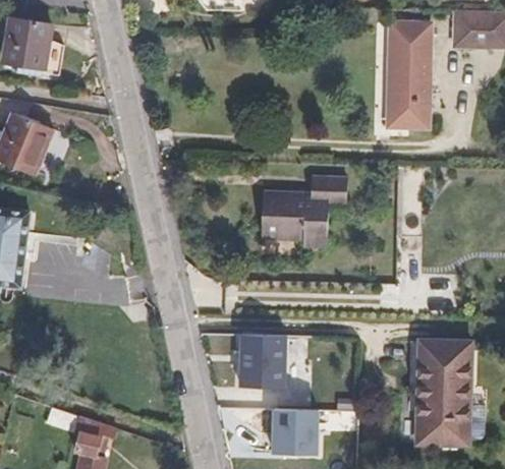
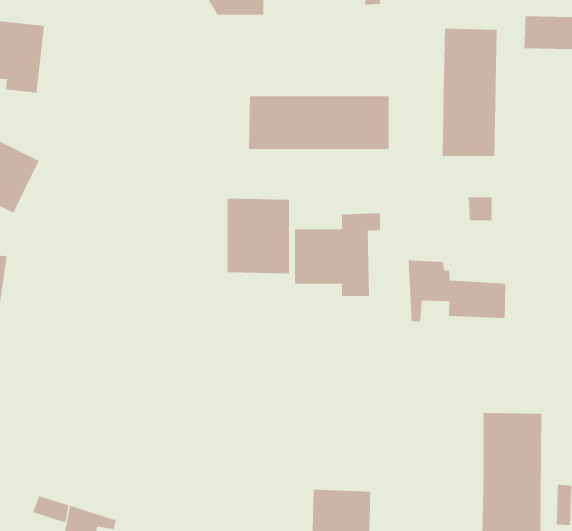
building: none -> [248,95,390,150]
building: none -> [227,198,290,274]
building: none -> [408,260,506,322]
building: [243,328,293,383] -> none

